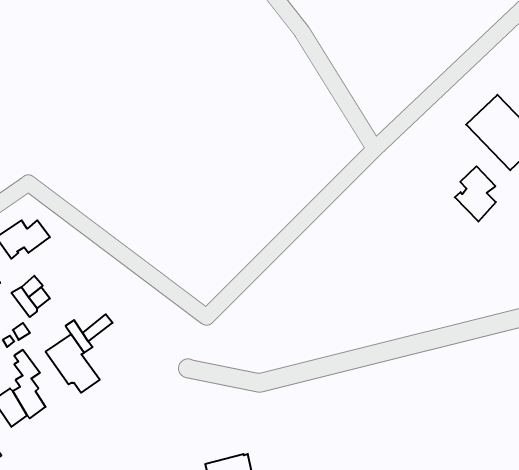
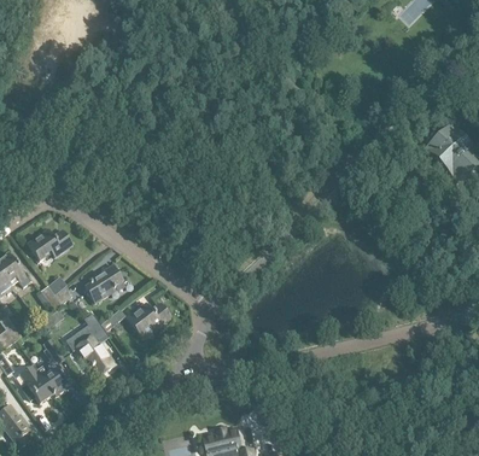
building: [455,166,496,222] -> none
building: none -> [83,264,123,303]
building: none -> [125,303,171,339]

